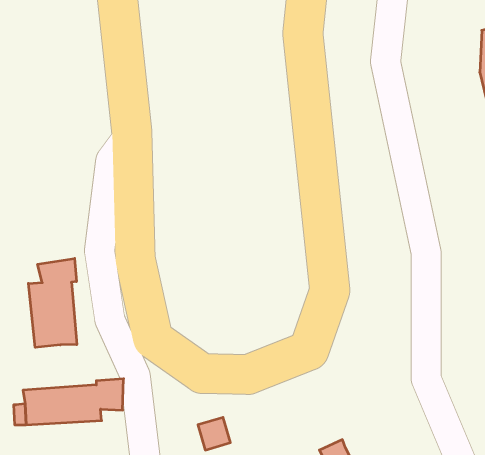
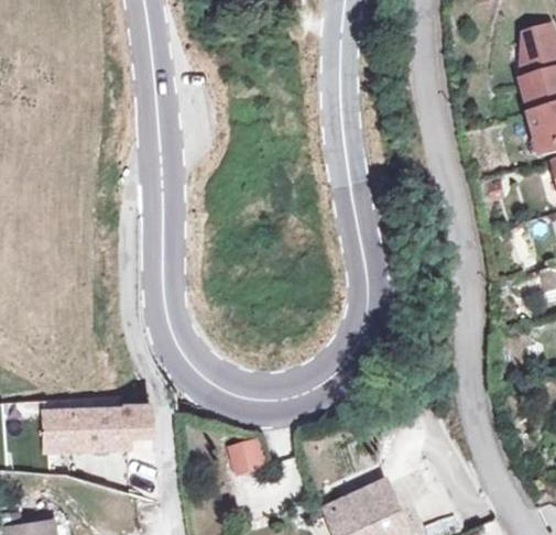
building: [28,258,77,347] -> none

